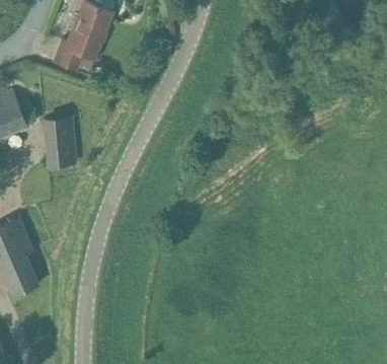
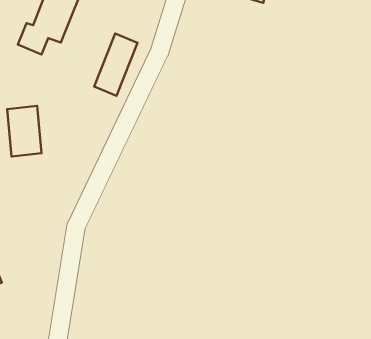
building: none -> [94,33,138,96]

